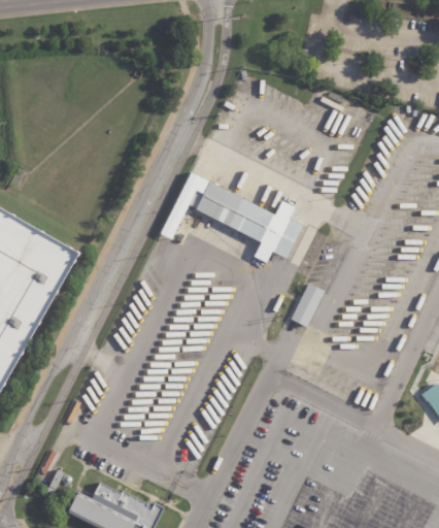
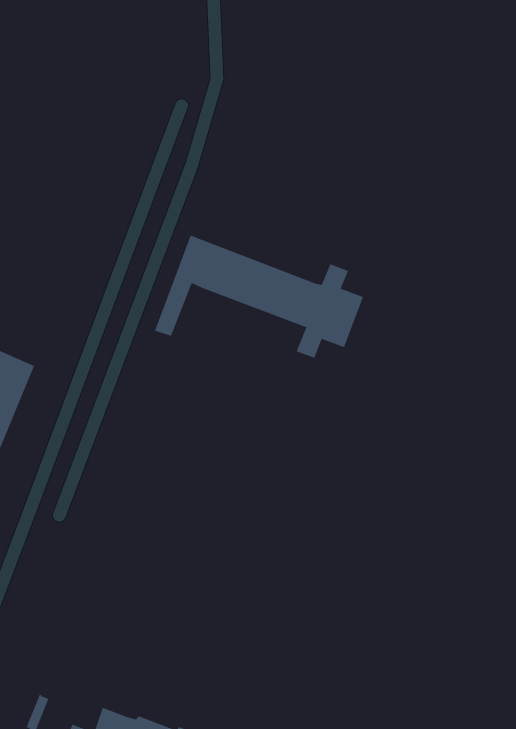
building: [291,285,325,328] -> none

